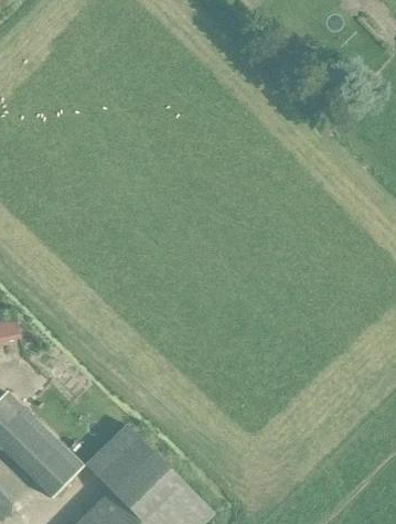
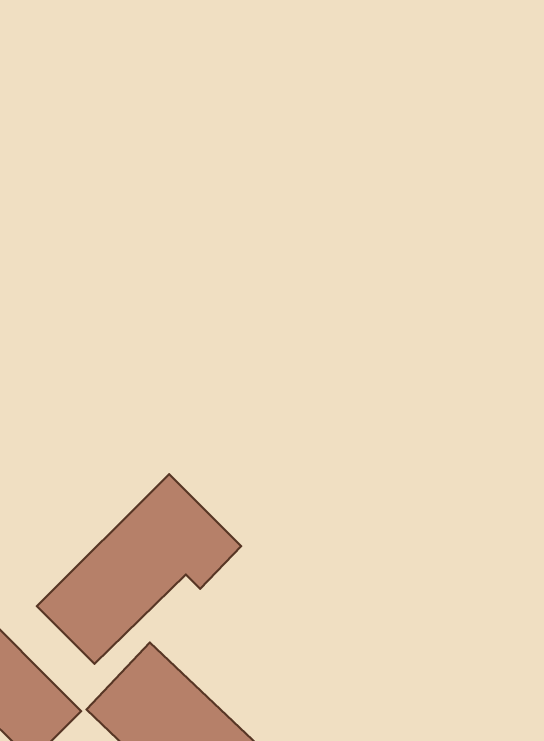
building: none -> [37,474,241,664]

